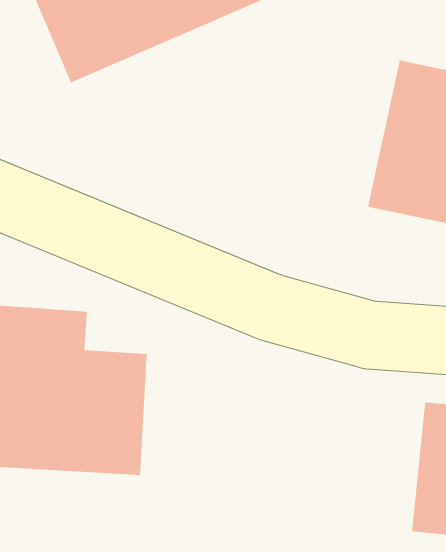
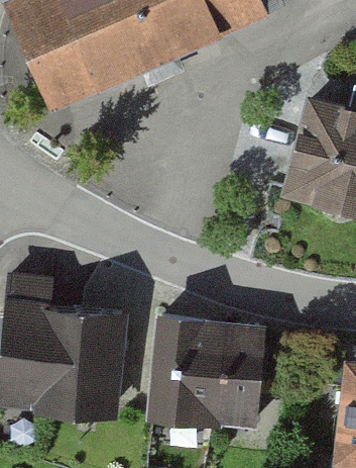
building: none -> [159,315,266,427]

